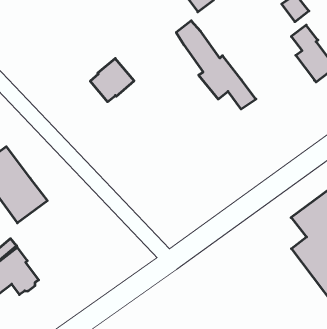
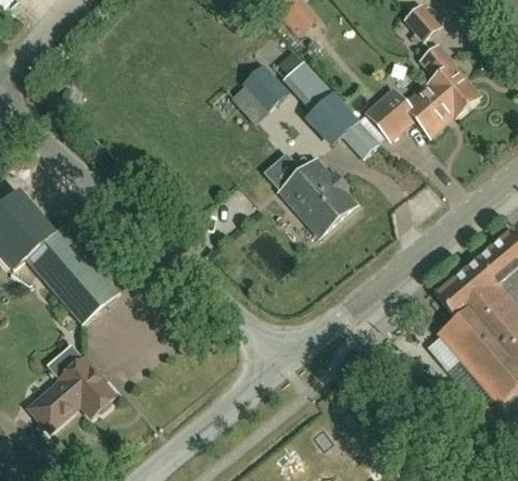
building: none -> [367,84,454,139]
building: [90,58,134,102] -> [233,63,290,119]
building: none -> [264,149,356,236]

